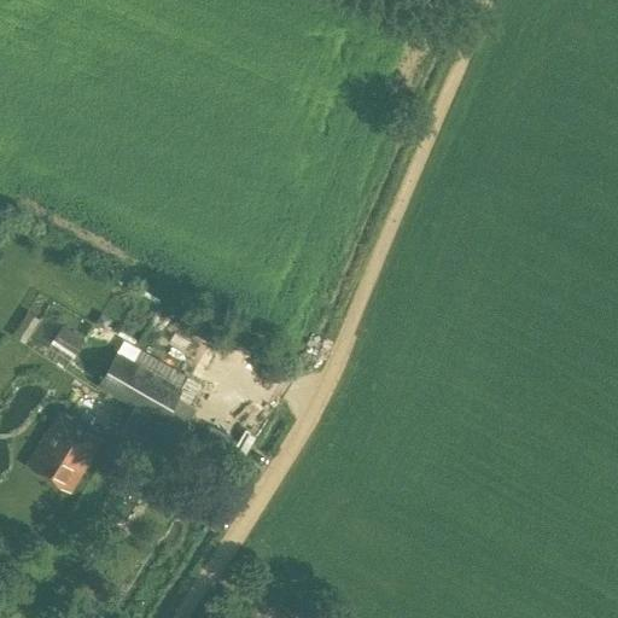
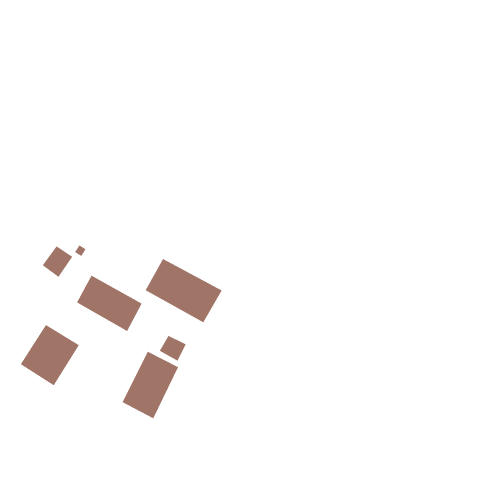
building: none -> [145,258,222,323]
building: none -> [122,351,179,419]

